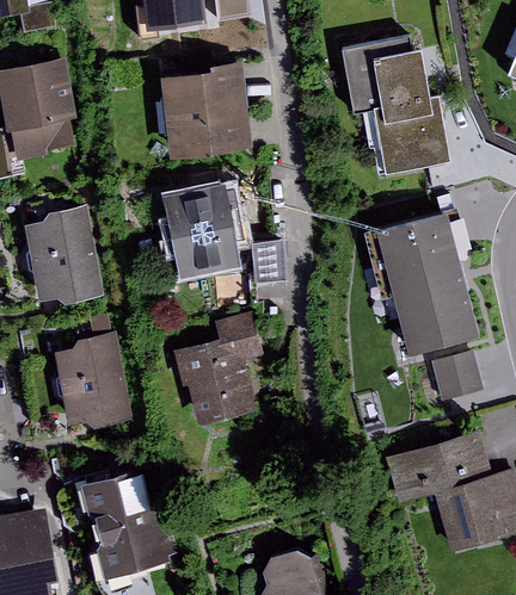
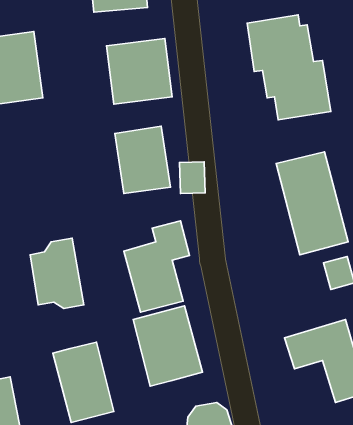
building: [29,204,99,303] -> none
building: none -> [133,306,202,386]

